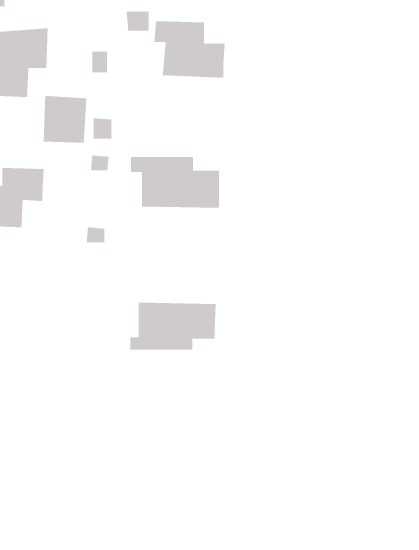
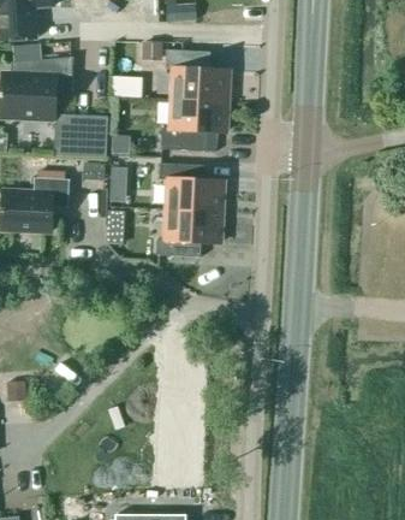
building: none -> [161,97,227,150]
building: [129,302,217,350] -> [147,212,222,254]

